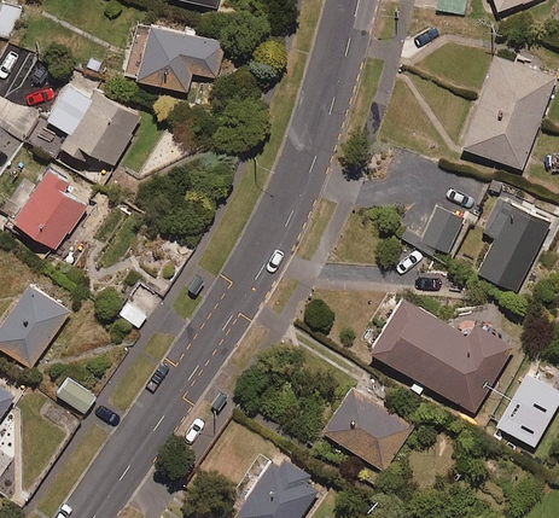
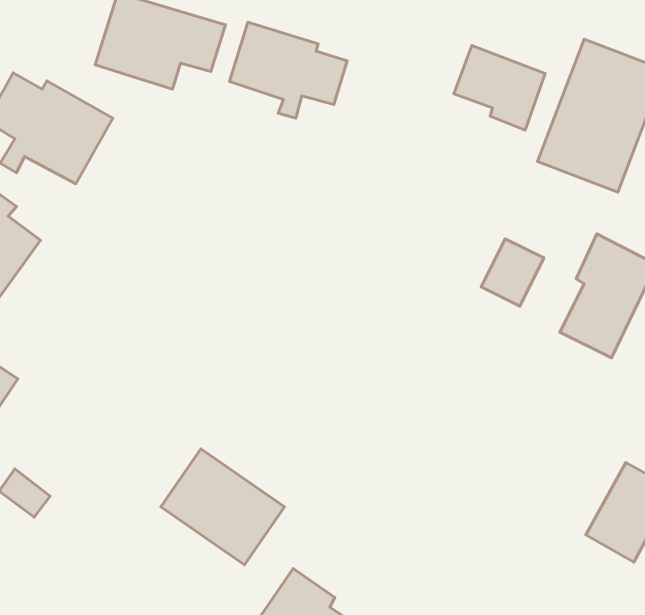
building: none -> [230,22,347,118]
building: none -> [454,45,545,130]
building: [367,293,513,413] -> none
building: [320,385,413,472] -> [161,449,285,565]

